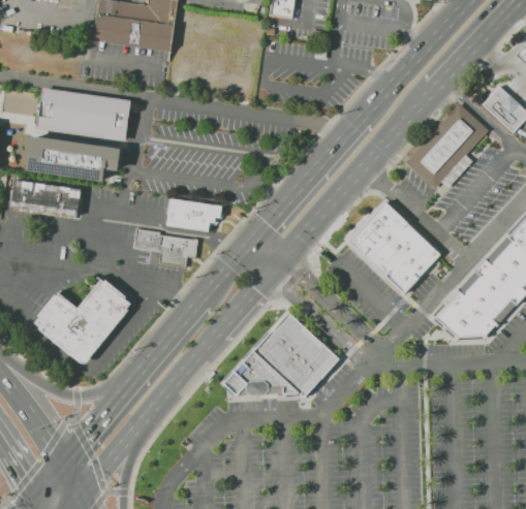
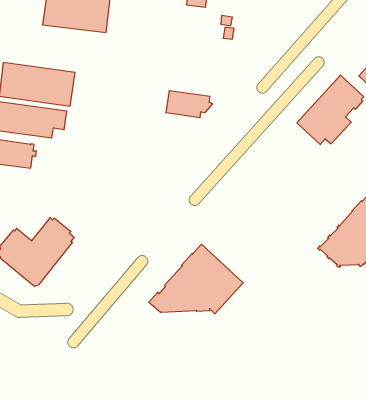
building: [166,198,224,231] -> [166,91,213,118]
building: [347,202,440,293] -> none
building: [133,229,197,267] -> none

